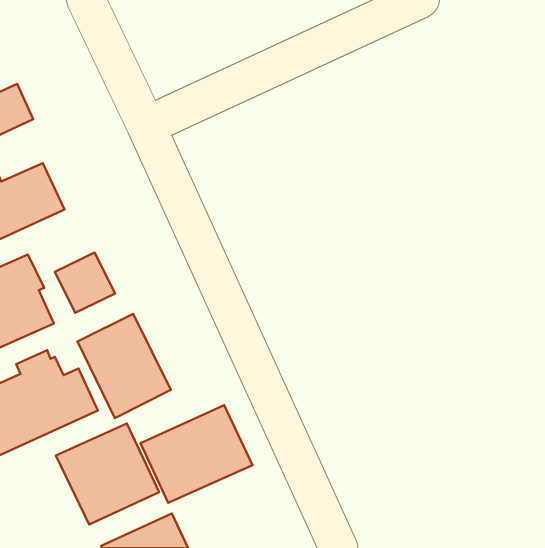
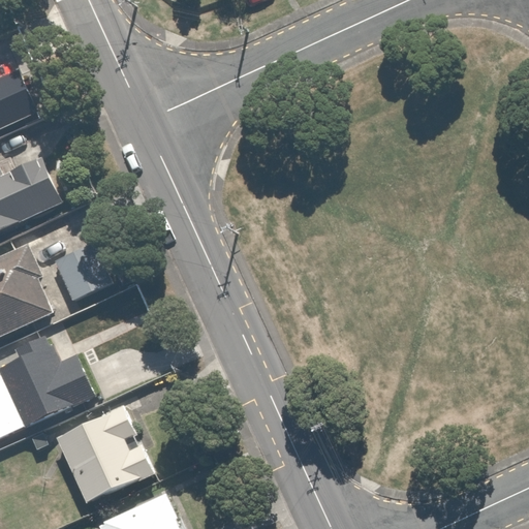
building: [78,314,171,418] -> none
building: [141,405,253,503] -> none

